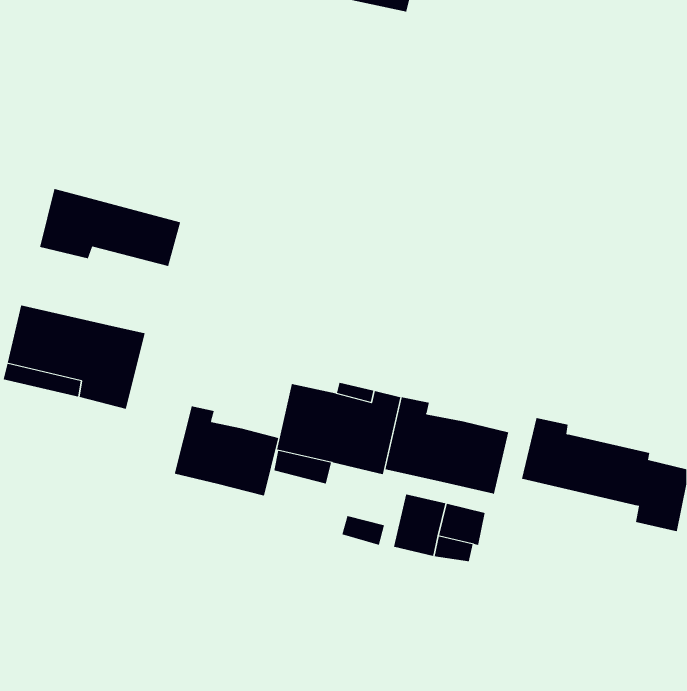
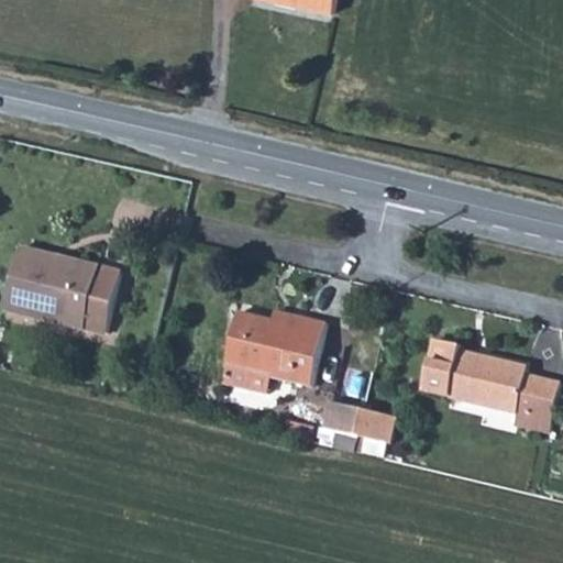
building: [39,188,181,267] -> none
building: [385,396,509,495] -> none
building: [174,405,279,497] -> none

